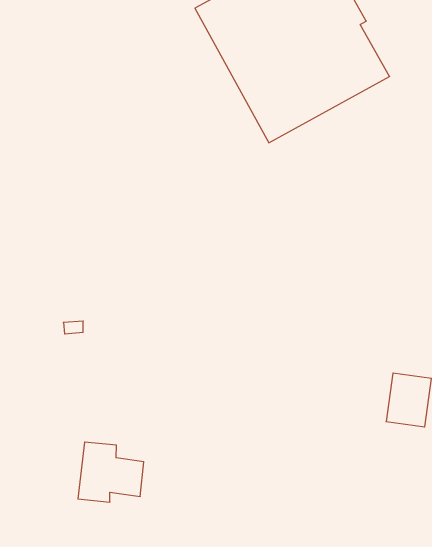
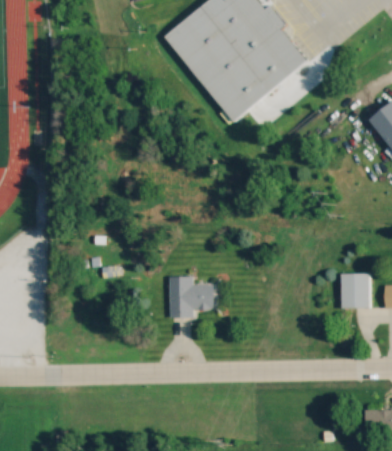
building: [78,442,144,502] -> [169,275,214,317]

